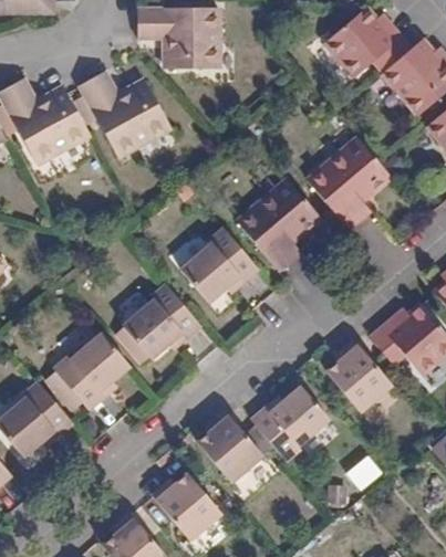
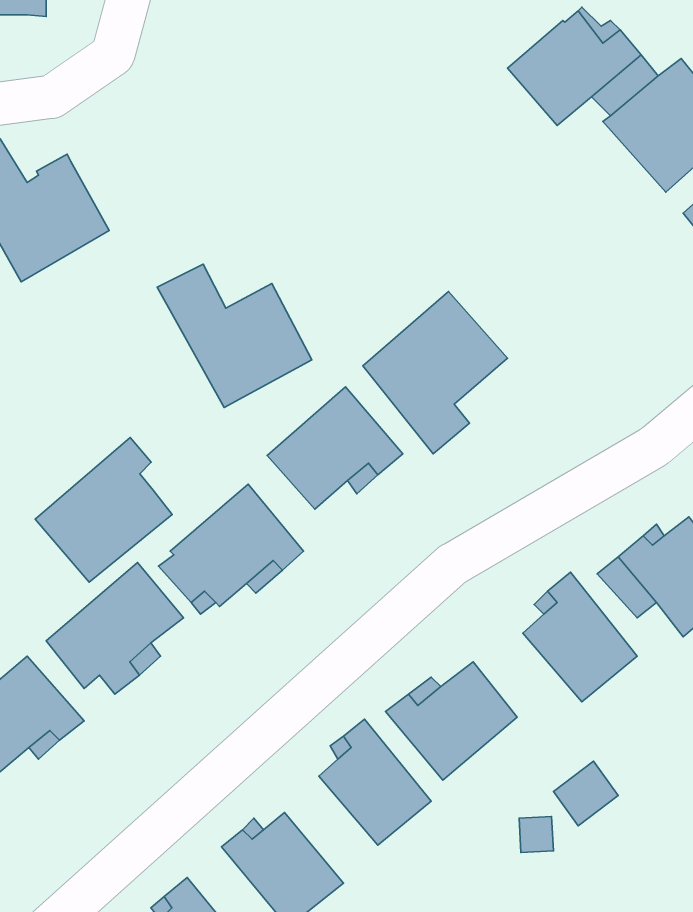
building: [151,11,229,72] -> none
building: [80,76,169,159] -> [157,264,312,407]
building: [302,136,386,230] -> none
building: none -> [35,437,172,582]

